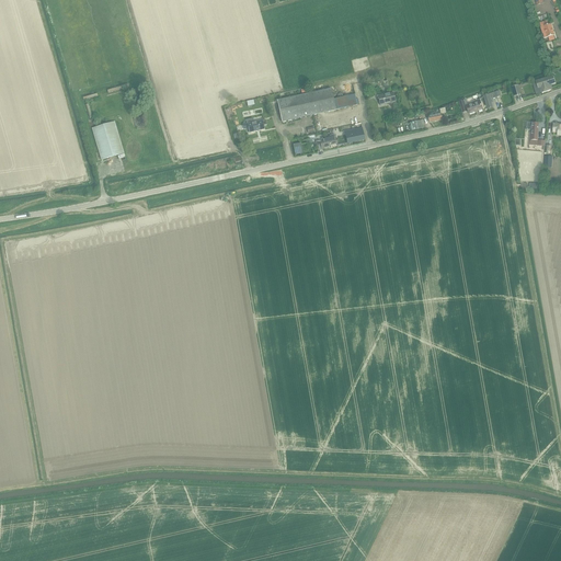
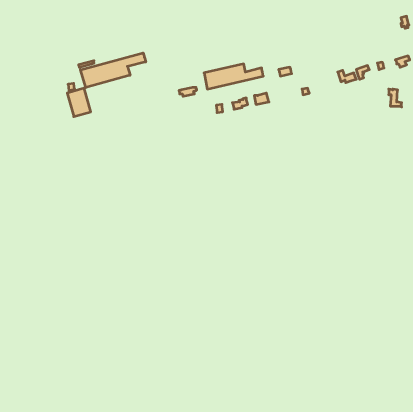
building: none -> [80,53,146,88]

